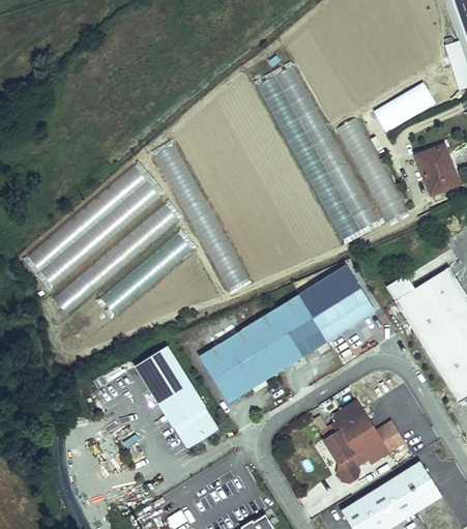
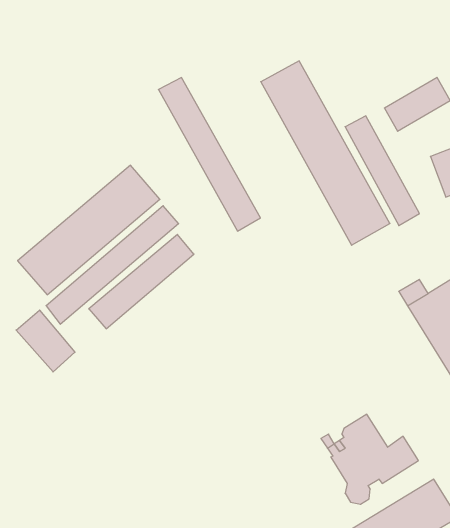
building: [152,145,249,290] -> [158,78,260,231]
building: [200,266,374,403] -> none
building: none -> [16,310,75,372]
building: [134,346,220,450] -> none

